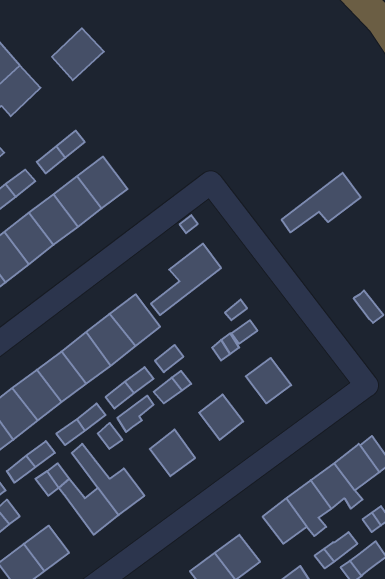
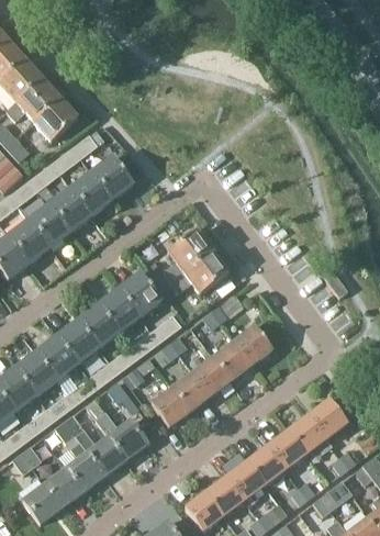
building: [52,28,104,80] -> [33,98,77,142]
building: [282,173,361,232] -> [159,250,226,301]
building: none -> [212,342,249,380]
building: none -> [171,372,210,411]
building: none -> [65,443,103,491]
building: none -> [226,460,264,505]

